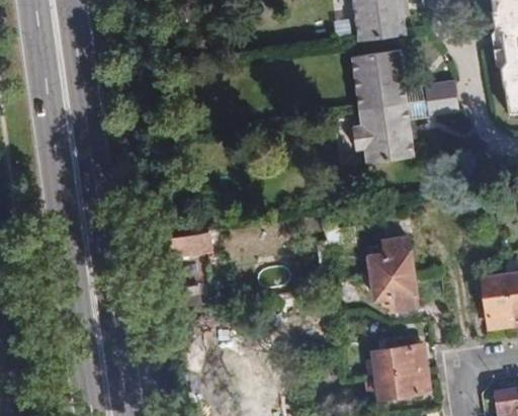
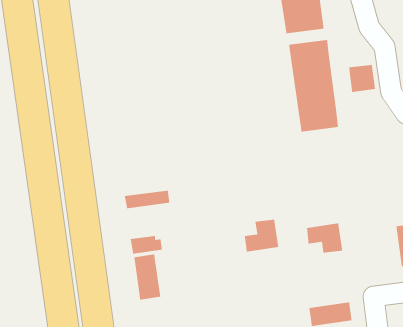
building: [371,237,414,277] -> [244,219,279,252]
building: none -> [134,253,161,300]
building: [374,343,427,373] -> none

